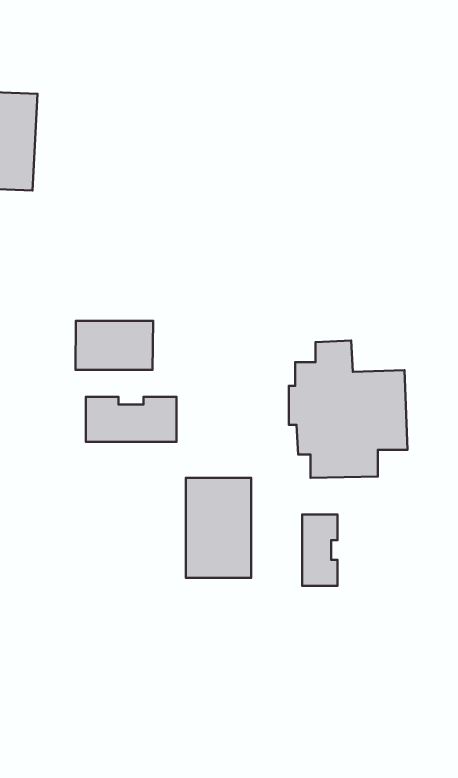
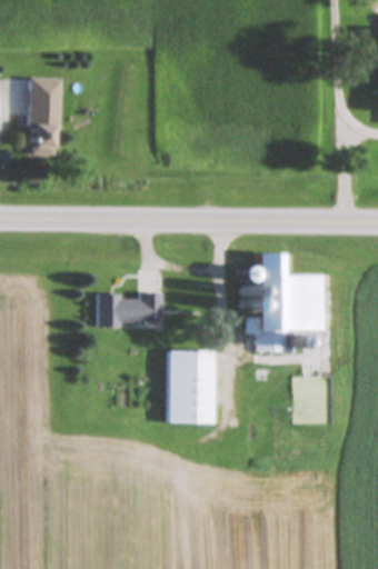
building: [75,321,153,370] -> none
building: [302,514,337,586] -> none

